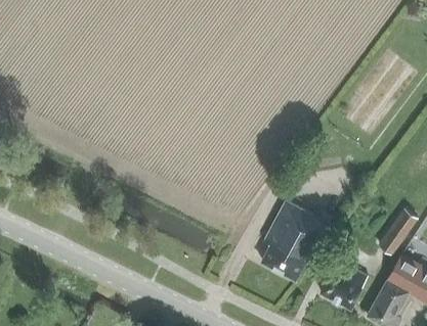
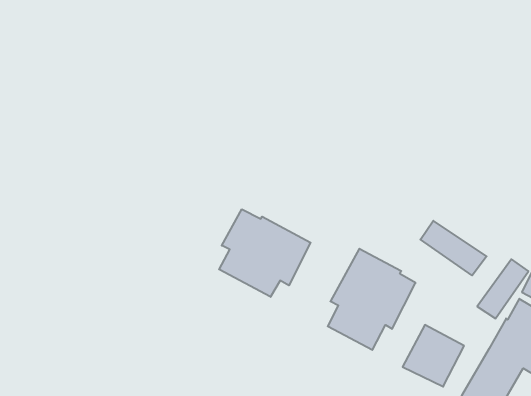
building: none -> [219,209,311,297]
building: none -> [420,221,487,275]

